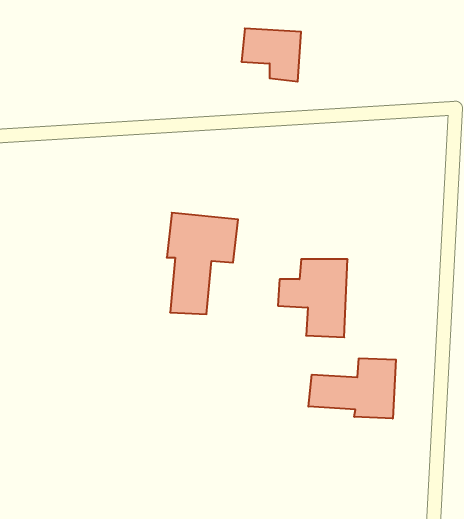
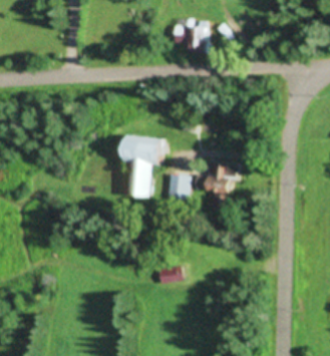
building: none -> [167,172,190,200]
building: [308,358,396,419] -> none

